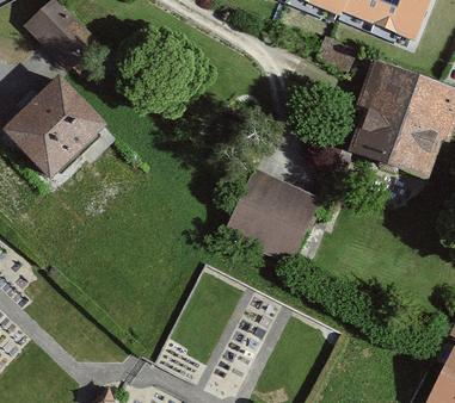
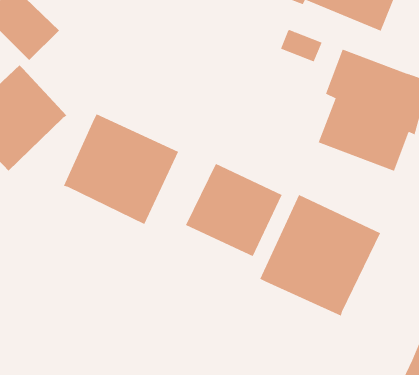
building: none -> [63,113,179,225]
building: none -> [260,194,381,317]

